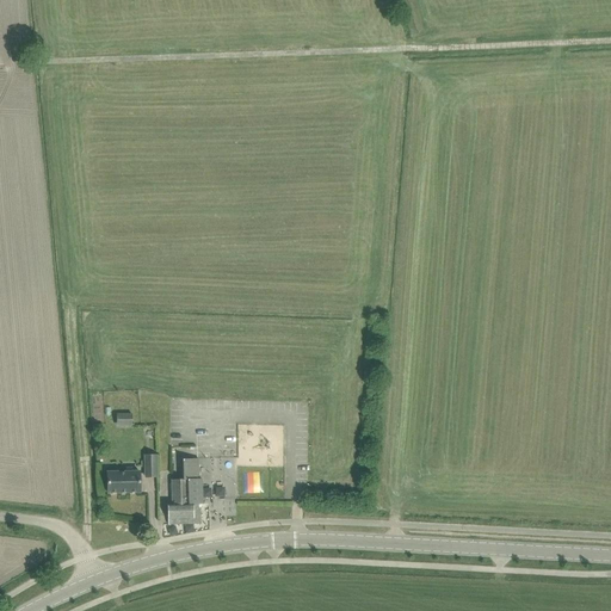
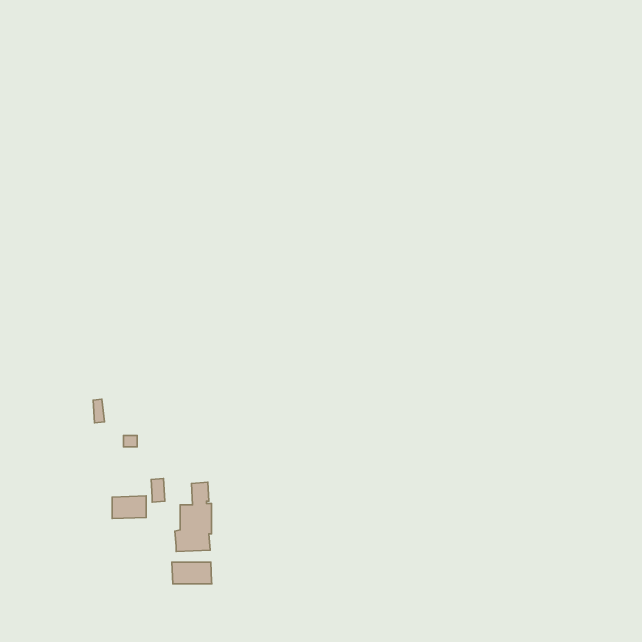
building: none -> [172,562,212,584]

